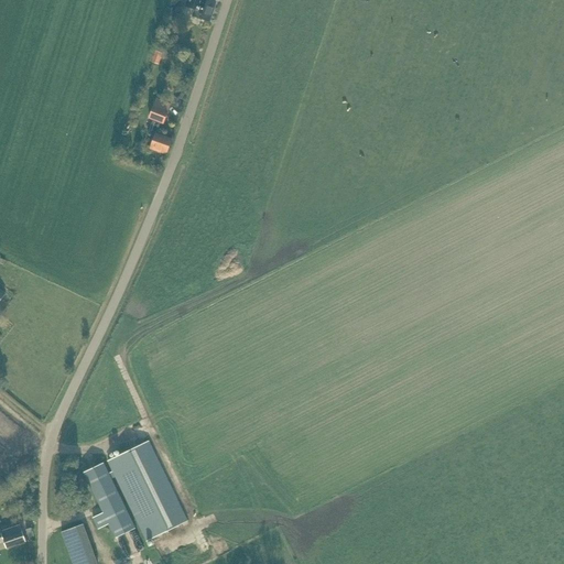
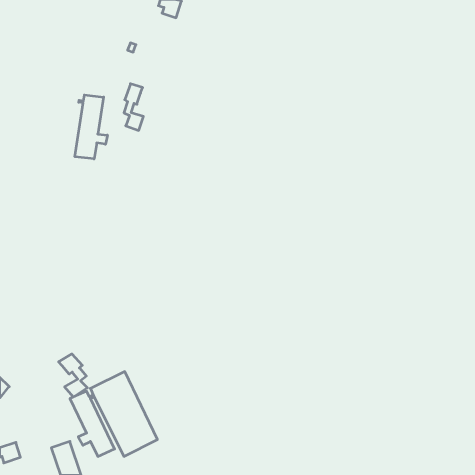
building: none -> [75,95,107,159]
building: none -> [59,354,87,397]

